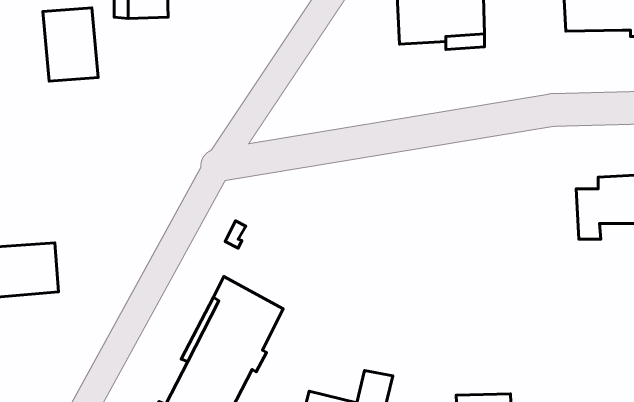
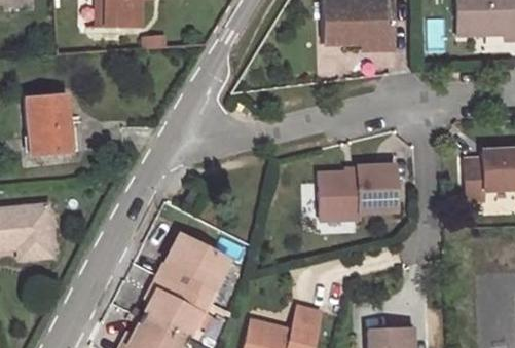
building: [43,8,98,81] -> [26,94,70,153]
building: none -> [318,165,396,215]

